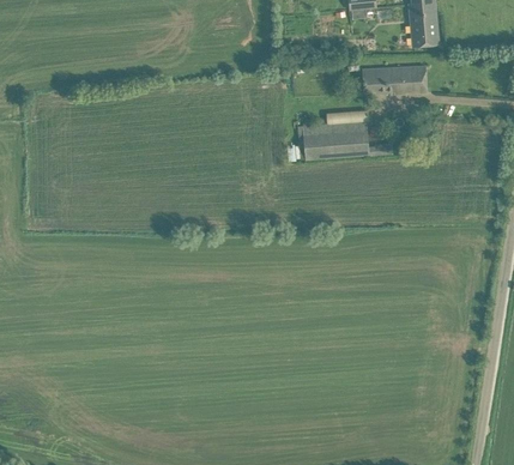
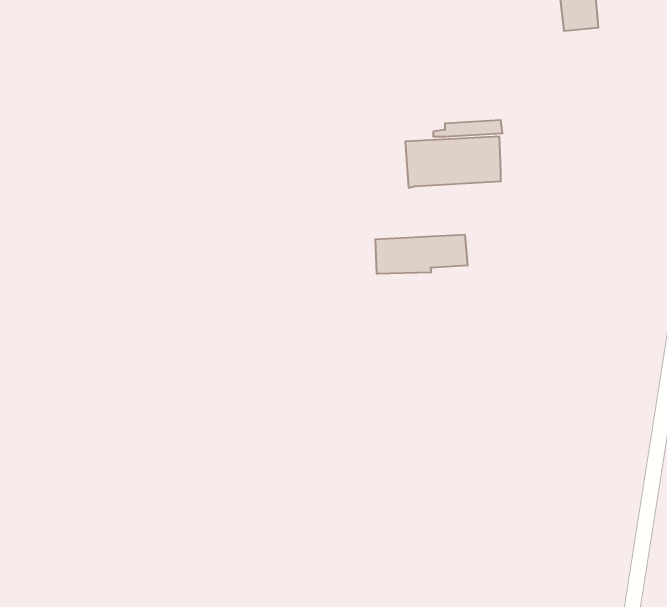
building: [363,65,427,92] -> none
building: none -> [375,235,467,274]

